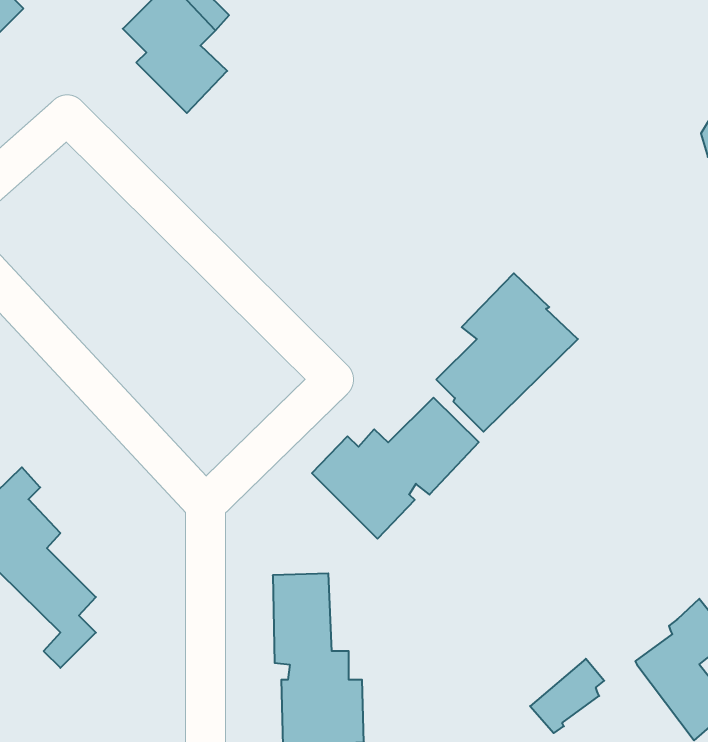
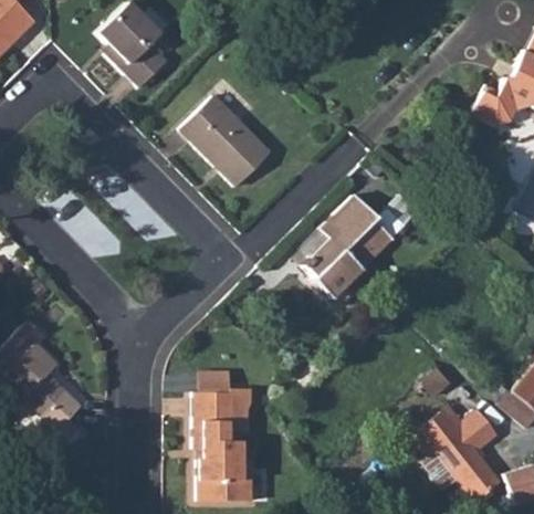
building: none -> [180,95,270,186]
building: [312,398,479,539] -> none
building: [530,659,604,733] -> [413,406,462,454]

